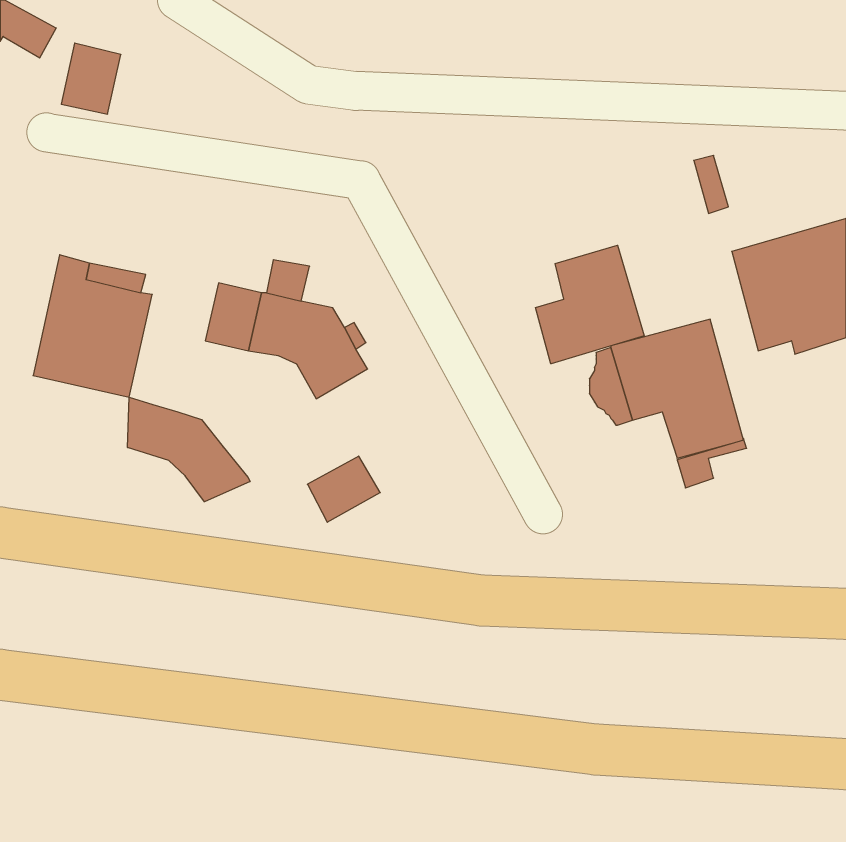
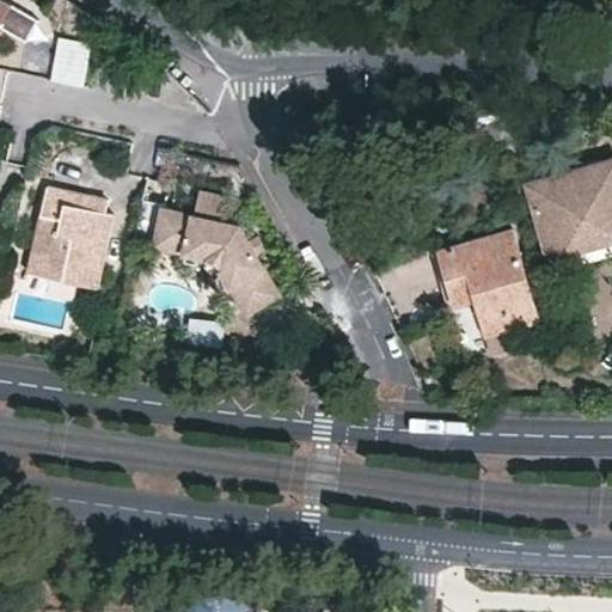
building: [536,245,644,364] -> none
building: [128,397,250,502] -> none
building: [307,456,380,522] -> [228,270,281,318]

